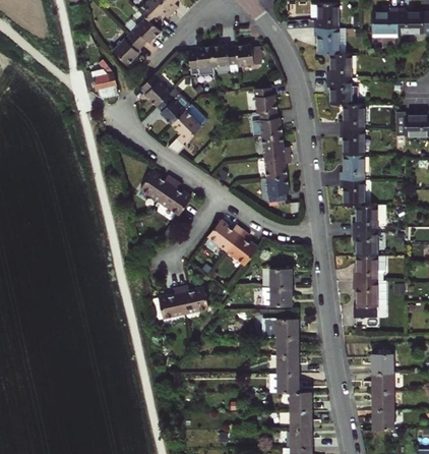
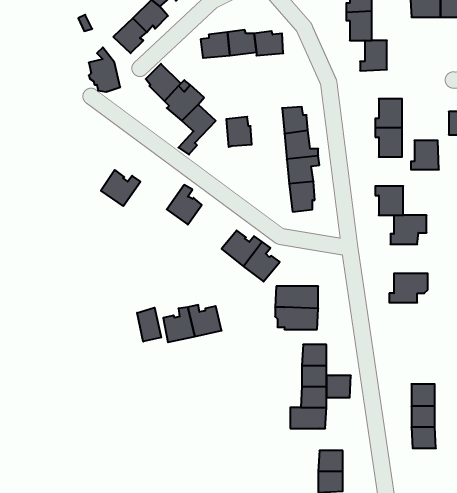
building: [326,78,359,105] -> none
building: [254,87,277,113] -> [226,117,252,147]
building: [341,155,365,180] -> [411,140,439,170]
building: [139,169,174,201] -> [101,170,140,206]
building: [354,231,377,257] -> none
building: [353,282,386,319] -> none
building: none -> [137,308,161,342]
building: [292,392,313,411] -> [326,376,351,398]
building: [373,409,393,430] -> none

